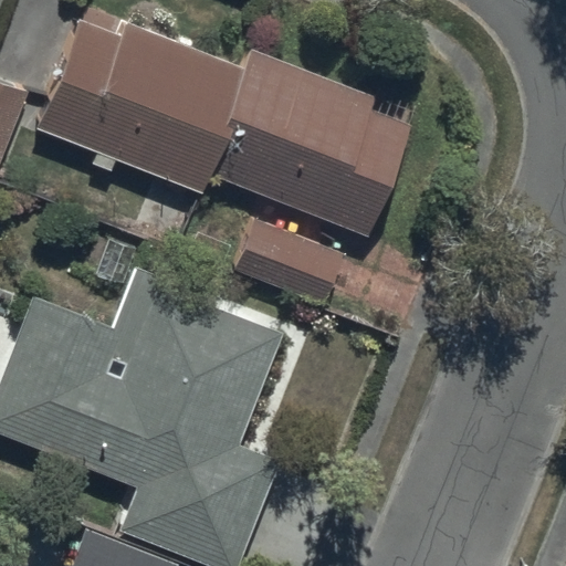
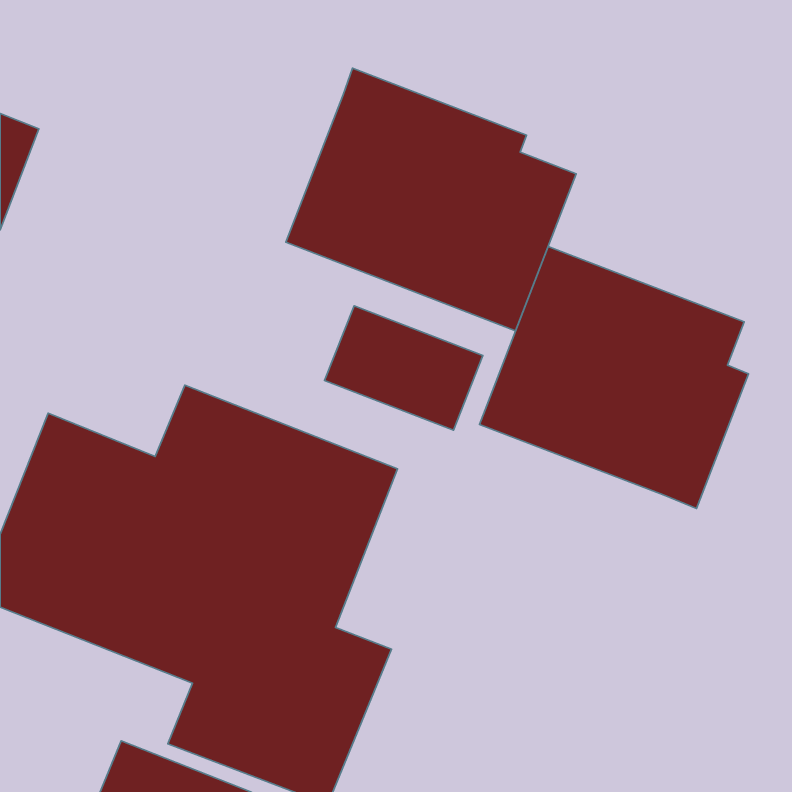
building: [38,20,245,191] -> none
building: none -> [480,247,749,508]

